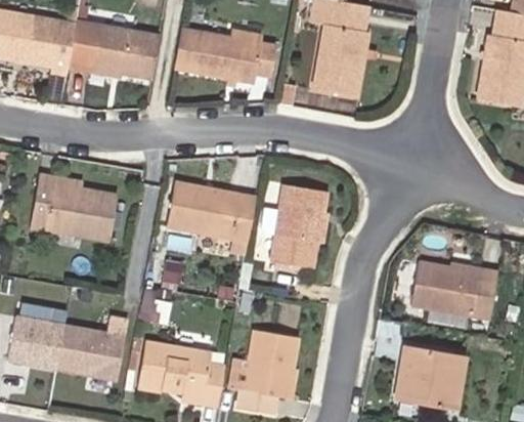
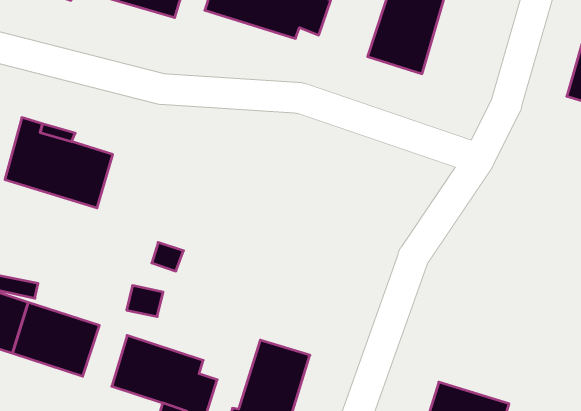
building: [169,183,255,242] -> none
building: [271,184,325,267] -> none
building: [411,262,496,319] -> none

